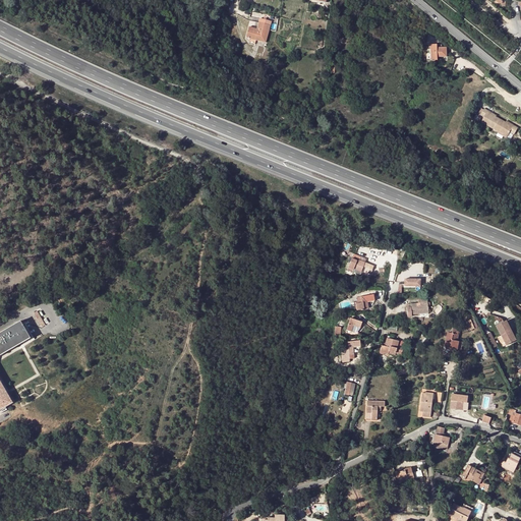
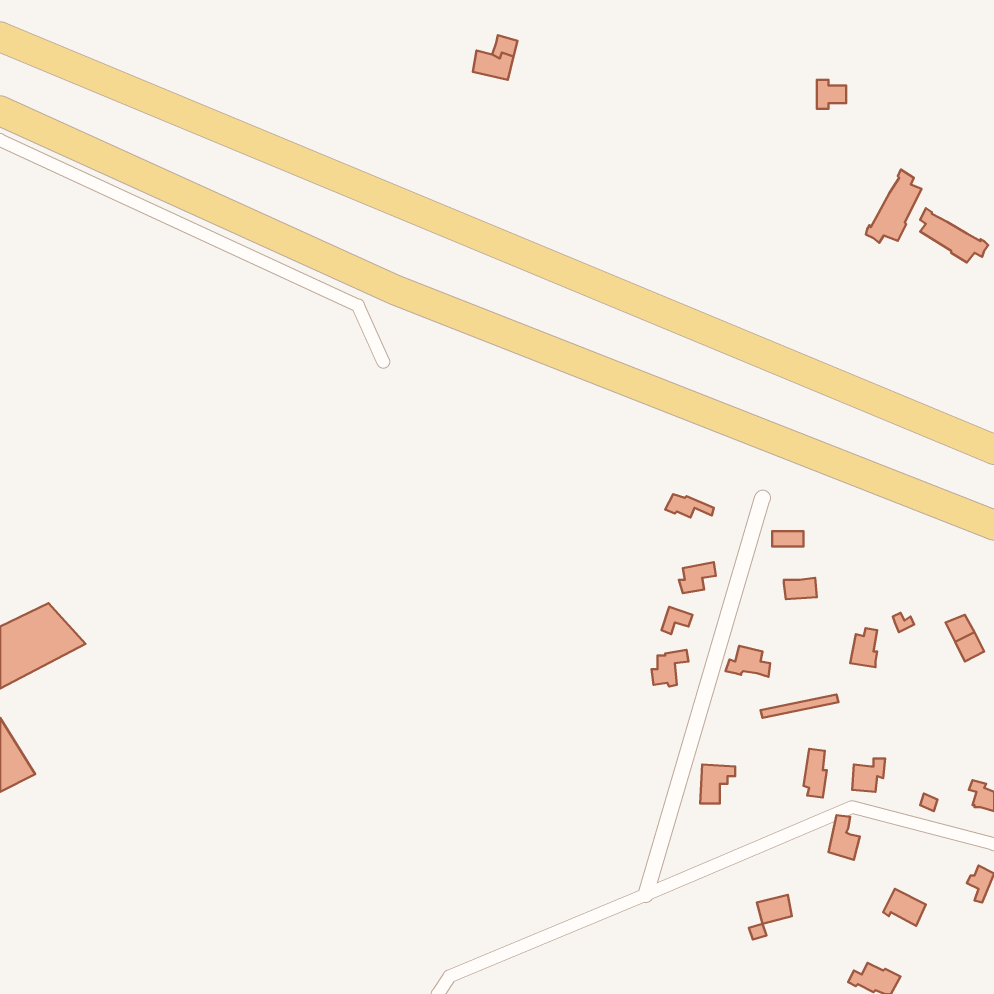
building: none -> [866,170,922,243]

